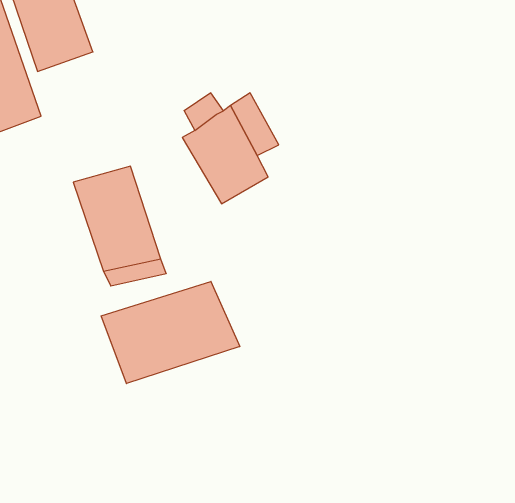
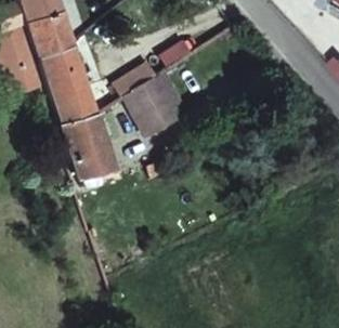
building: none -> [40,44,96,123]
building: [101,281,240,384] -> none

